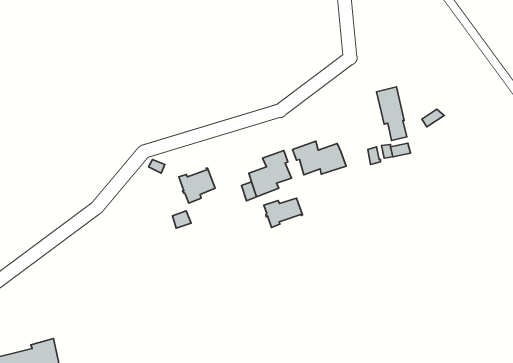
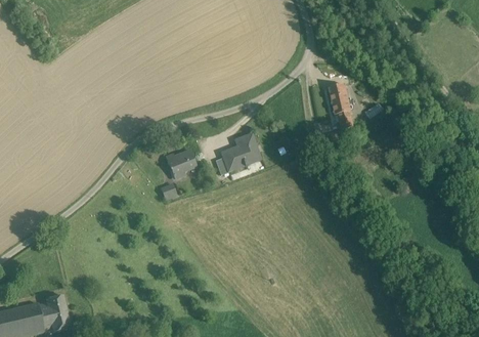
building: [292,141,346,175] -> none
building: [264,198,302,227] -> none

